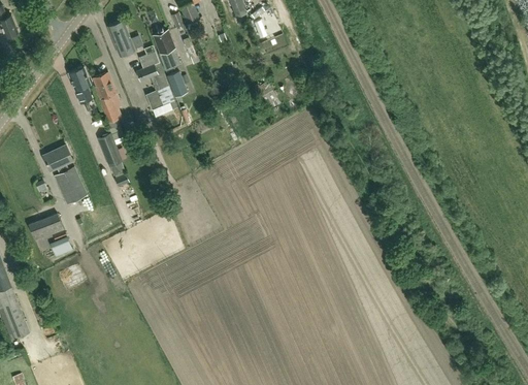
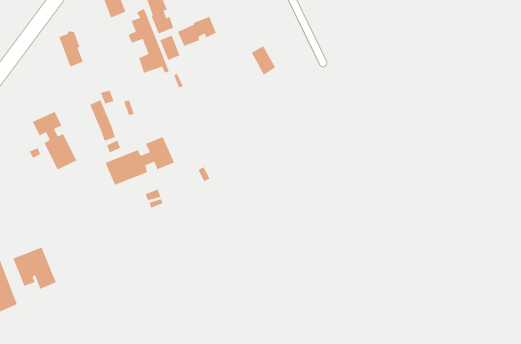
building: none -> [177,16,217,47]
building: [94,72,123,123] -> none
building: none -> [104,136,175,186]
building: [29,214,72,256] -> [12,246,57,290]

